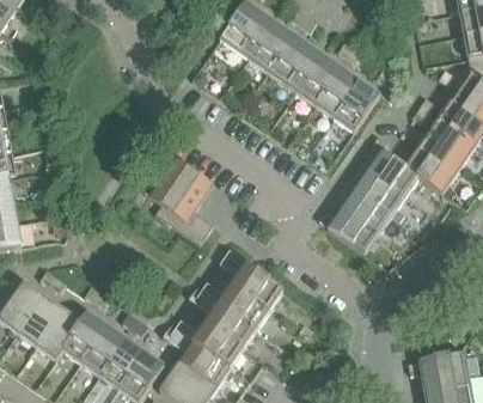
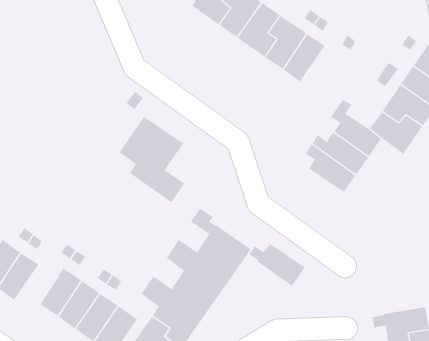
building: [334,79,380,130] -> none
building: [319,207,379,252] -> [248,243,306,287]
building: [36,306,81,358] -> none

